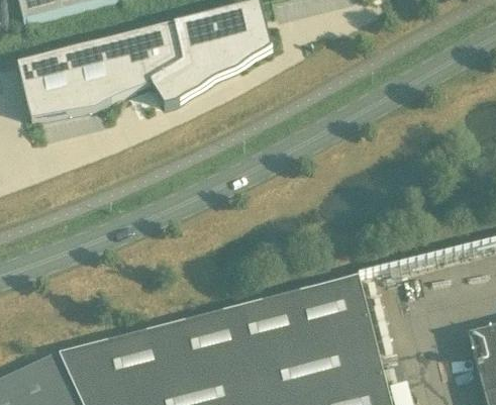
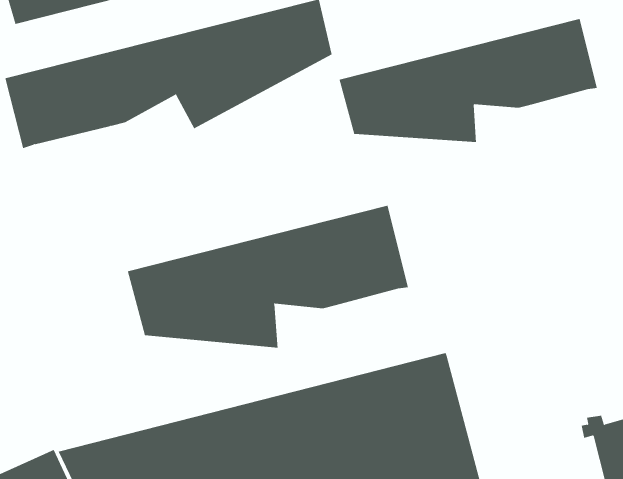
building: none -> [339,18,597,143]
building: none -> [127,205,408,348]

